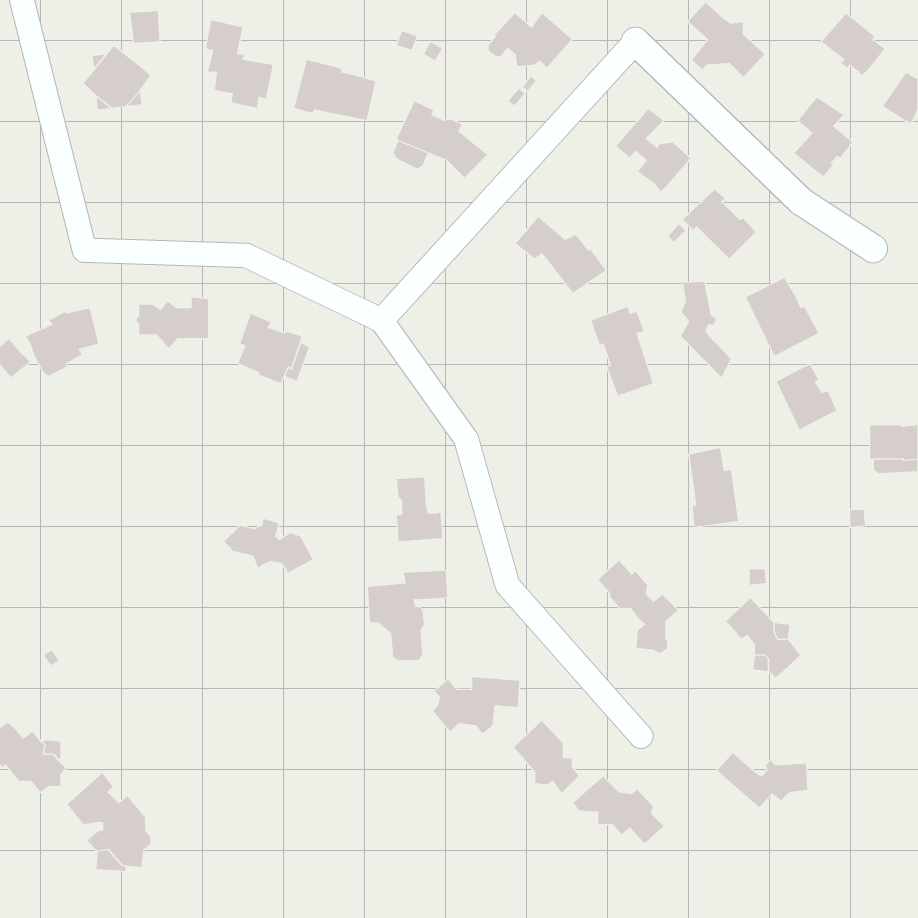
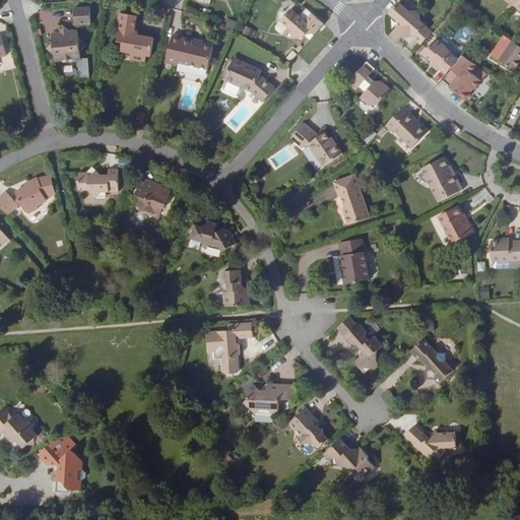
building: [821,13,886,76] -> [421,38,458,73]
building: [680,281,732,378] -> none
building: [688,447,739,528] -> [339,238,368,283]
building: [224,518,314,574] -> [185,219,236,251]

